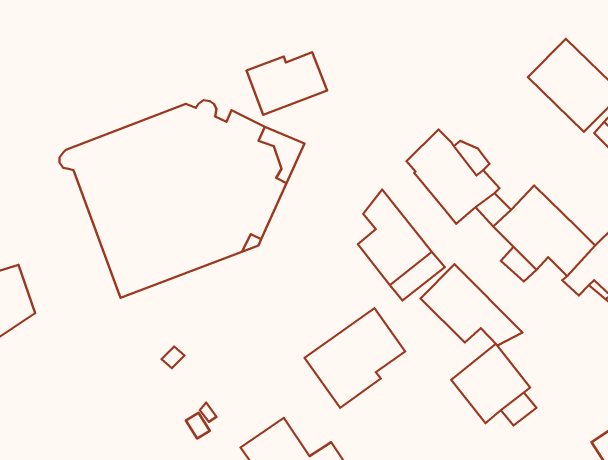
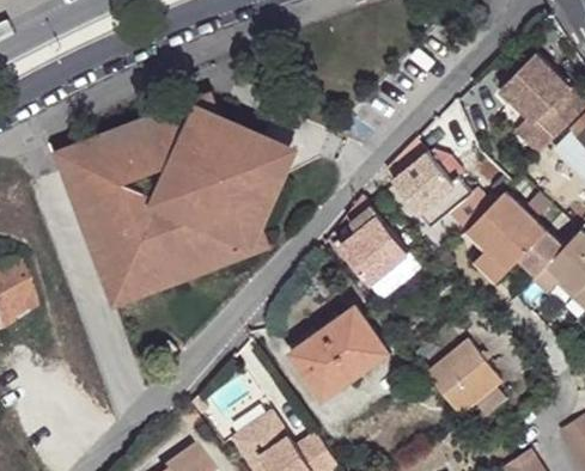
building: [247,52,327,115] -> none
building: [420,264,523,346] -> none

